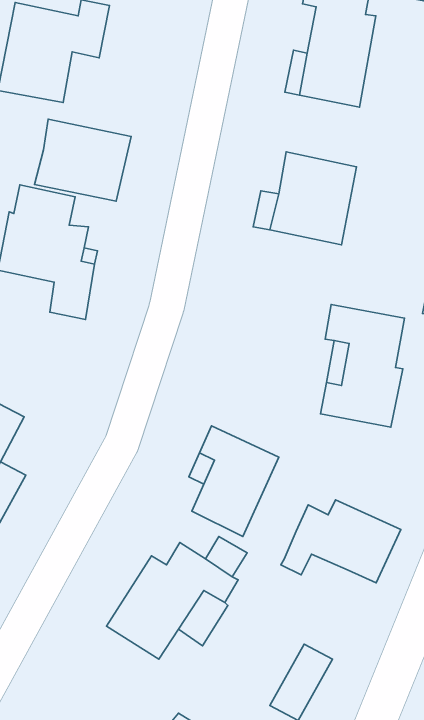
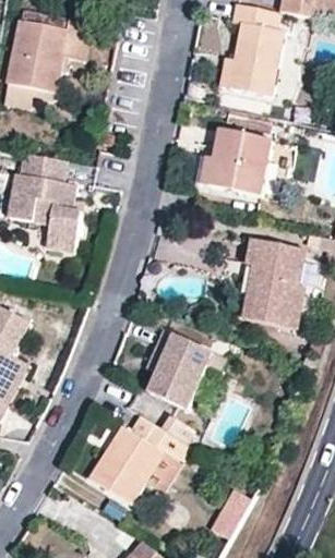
building: [35,119,131,201] -> none
building: [281,500,401,583] -> none

